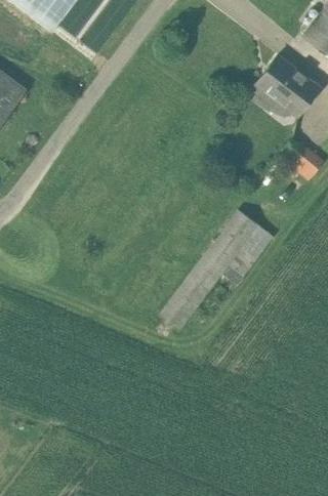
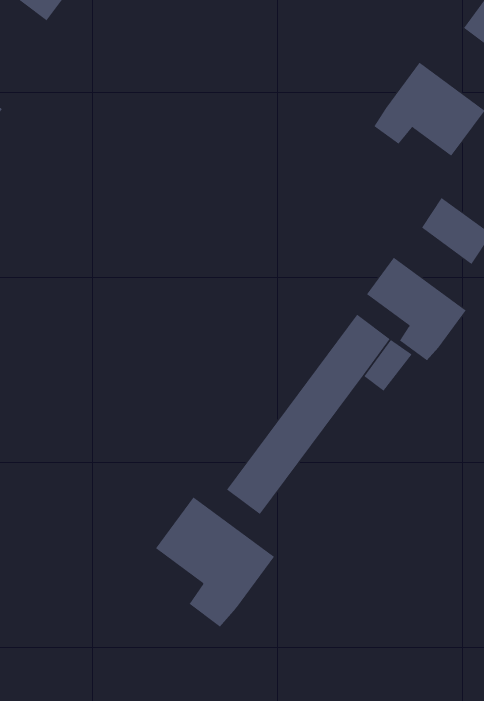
building: none -> [366,257,467,361]
building: none -> [155,497,275,627]

